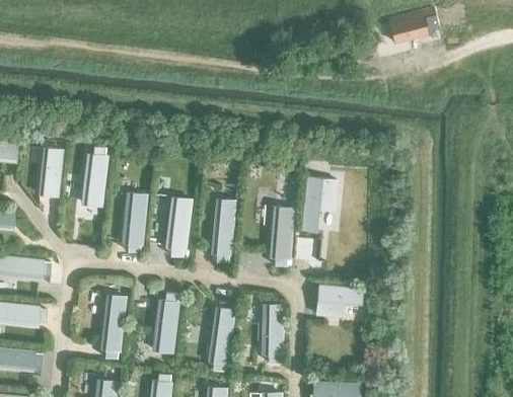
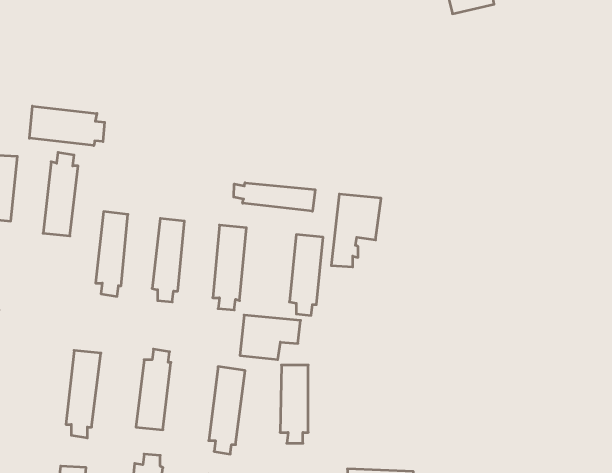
building: none -> [29,106,105,146]
building: none -> [234,183,315,211]
building: [315,284,361,317] -> [240,315,301,360]

